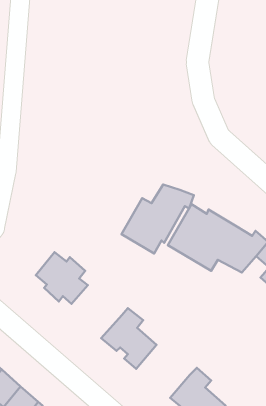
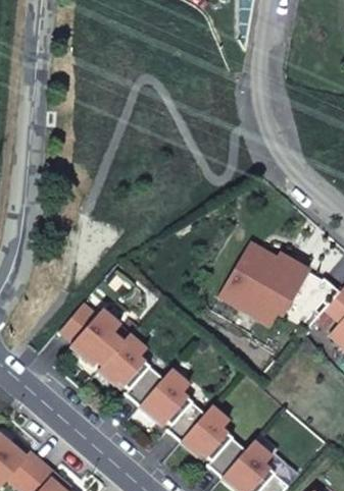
building: [121,184,194,253] -> none
building: none -> [99,335,164,406]
building: none -> [182,407,246,478]

